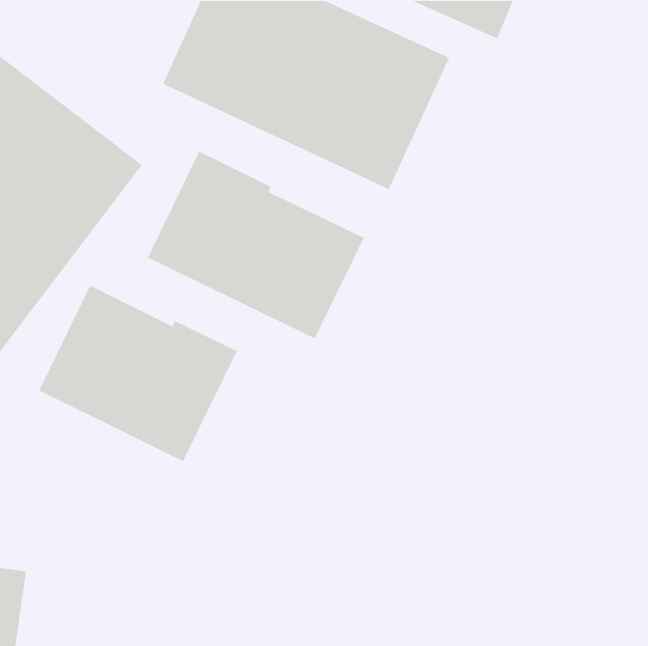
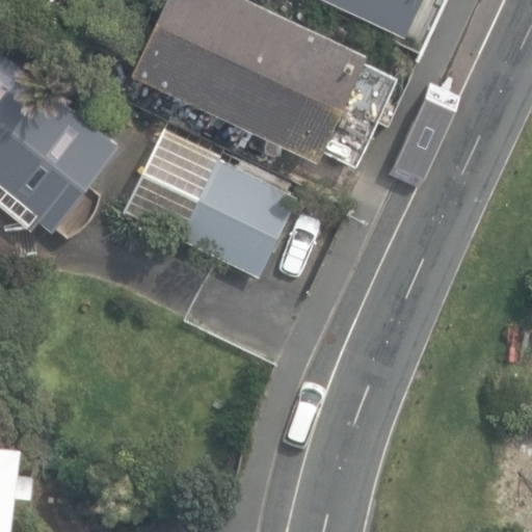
building: [38,285,238,462] -> none

